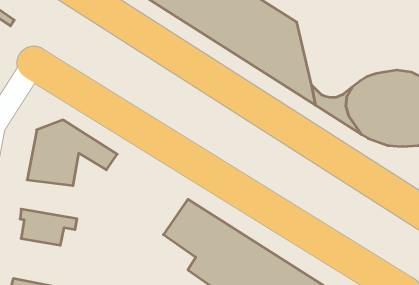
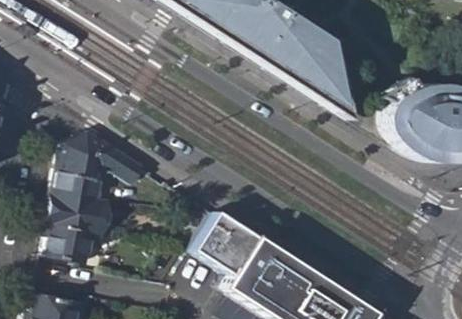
building: none -> [48,192,131,237]

